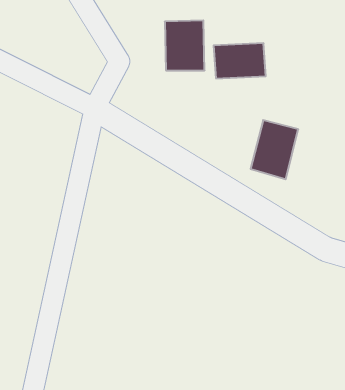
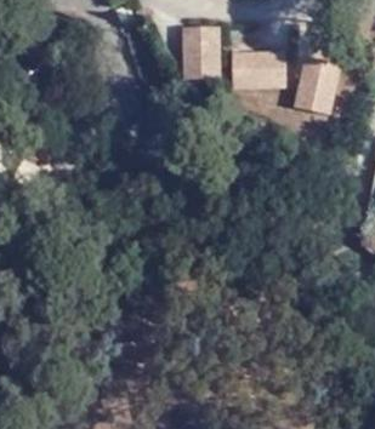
building: [251,120,298,179] -> [290,53,341,116]

